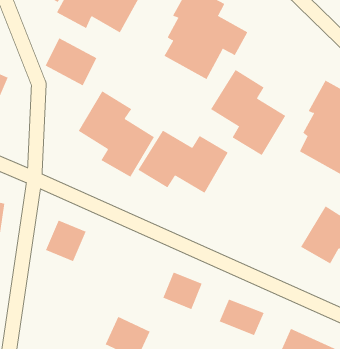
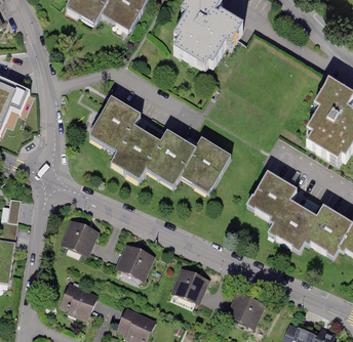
building: [45,37,97,86] -> none
building: [210,69,286,156] -> [244,168,316,250]
building: none -> [117,242,152,277]
building: none -> [62,284,101,322]

